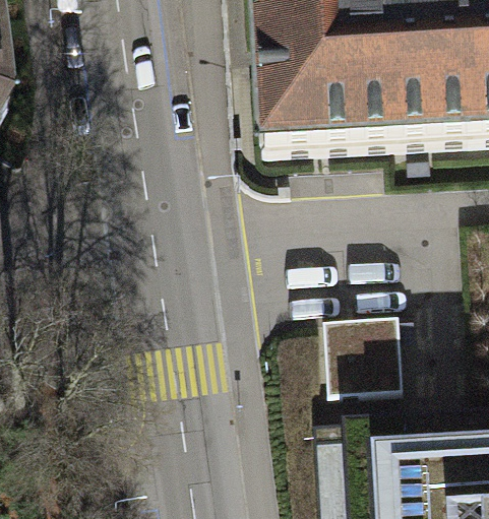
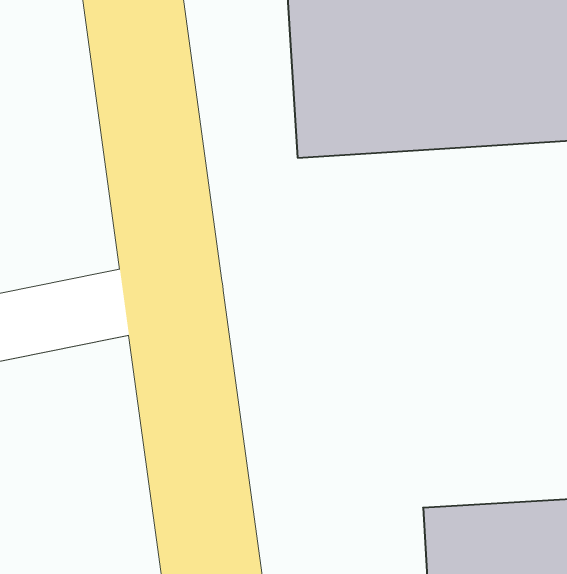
building: [324,309,405,389] -> none

